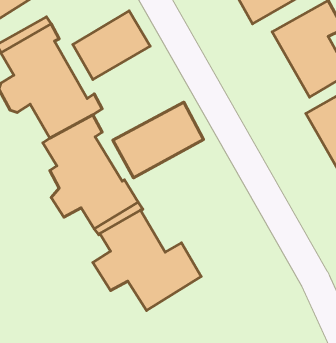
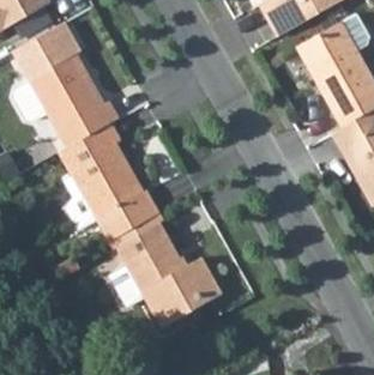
building: [73,11,150,80] -> none
building: [113,102,204,178] -> none

